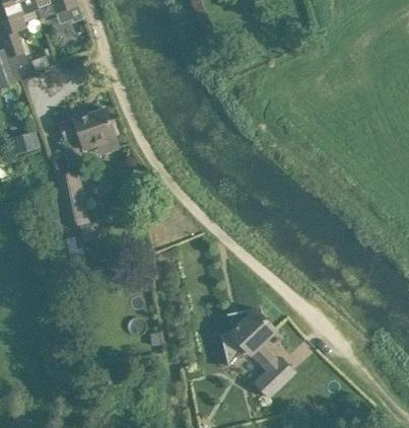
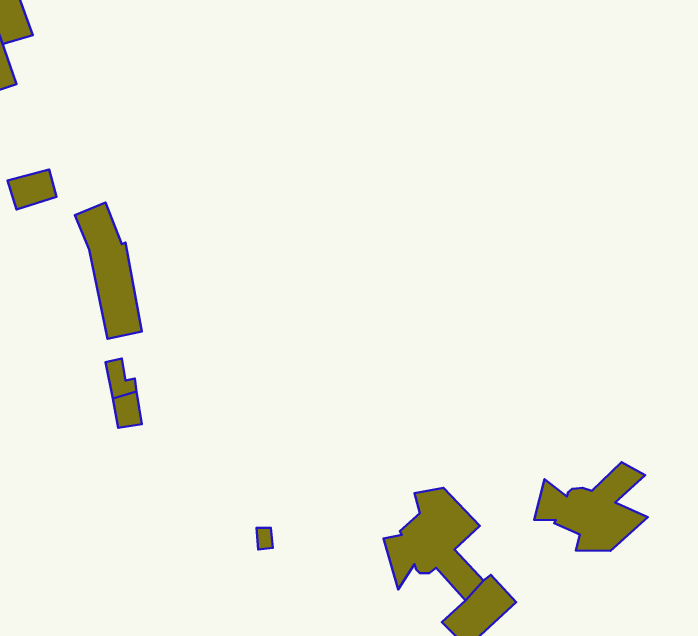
building: [59,109,118,150] -> none
building: none -> [534,462,648,551]

